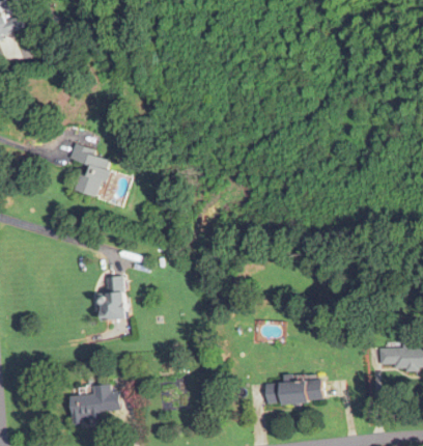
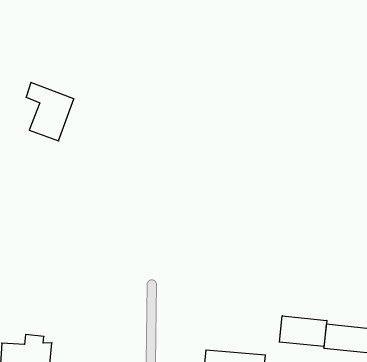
building: [102,276,124,318] -> none
building: none -> [279,316,327,347]

